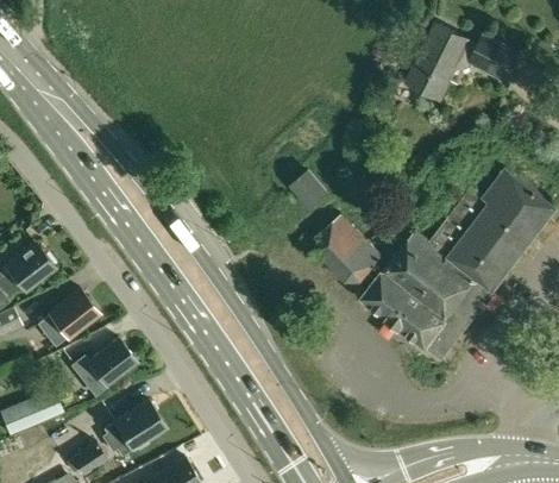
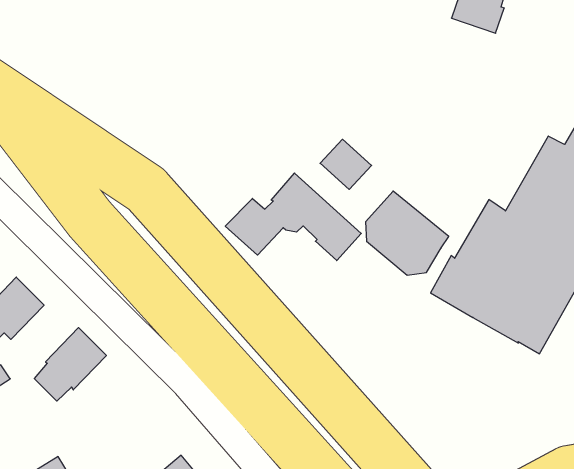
building: none -> [225,173,361,261]
building: [73,339,137,395] -> none

